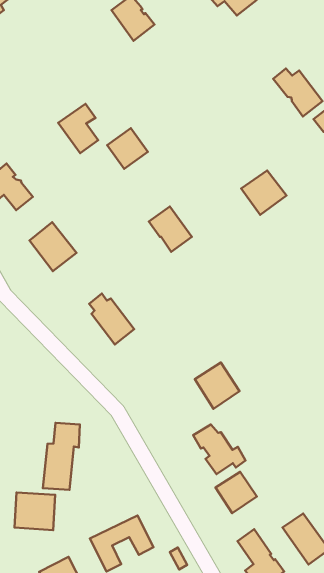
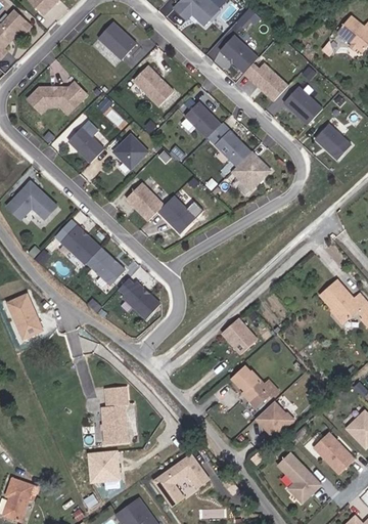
building: none -> [220,34,258,72]
building: none -> [134,64,174,105]
building: none -> [29,81,89,112]
building: none -> [184,100,221,137]
building: none -> [215,129,250,165]
building: none -> [127,180,165,218]
building: none -> [88,245,126,282]

